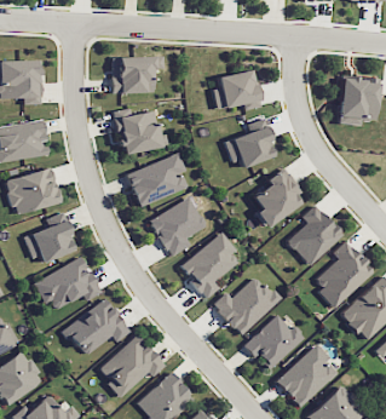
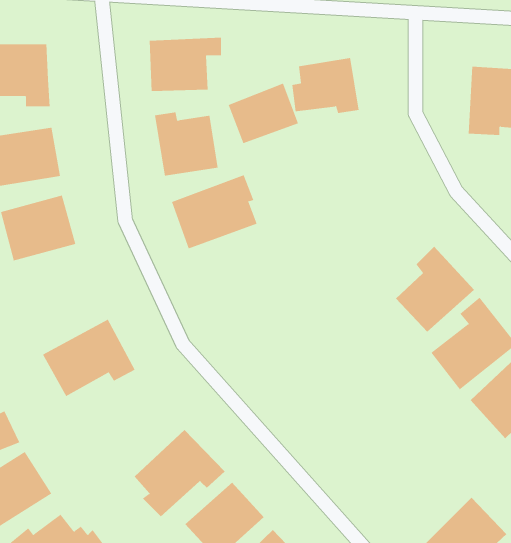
building: [226,125,277,168] -> [228,83,299,144]
building: [253,167,305,225] -> none
building: [150,197,206,257] -> none
building: [25,212,77,264] -> none
building: [180,233,242,299] -> none
building: [212,274,280,335] -> none
building: [64,298,131,356] -> none
building: [243,314,306,368] -> none
building: [276,344,339,407] -> none

